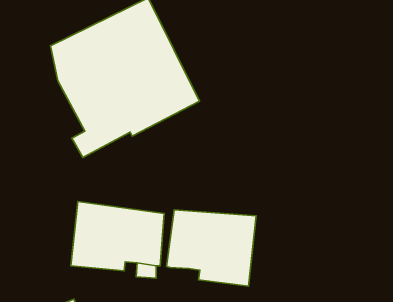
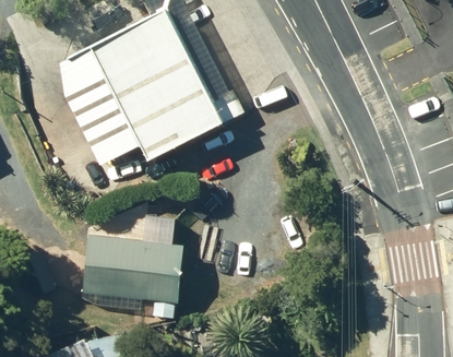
building: [166,210,256,286] -> none

